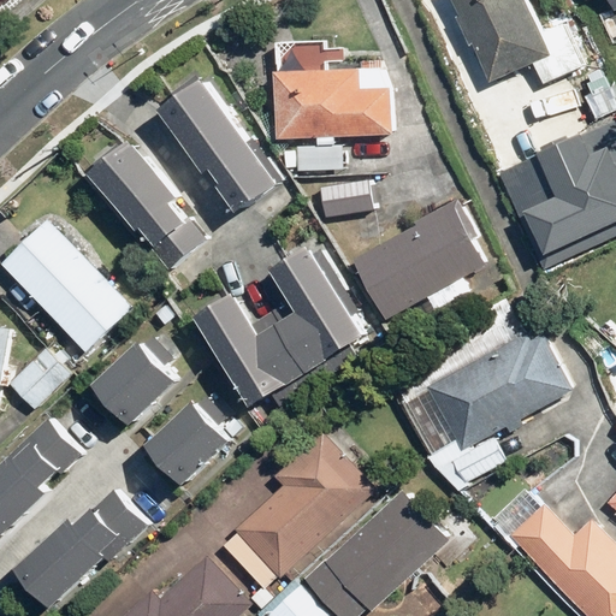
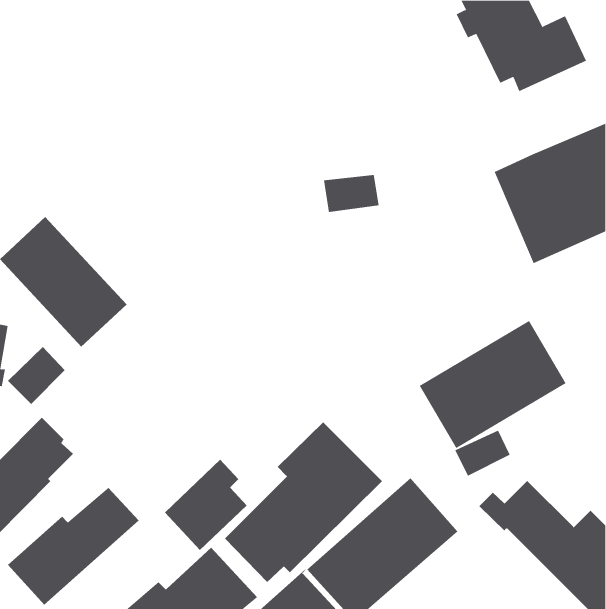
building: [284,65,403,134] -> none
building: [153,81,271,213] -> none
building: [83,138,192,266] -> none
building: [348,201,488,322] -> none
building: [186,242,361,410] -> none
building: [88,334,172,426] -> none
building: [142,396,226,488] -> [164,459,248,551]

